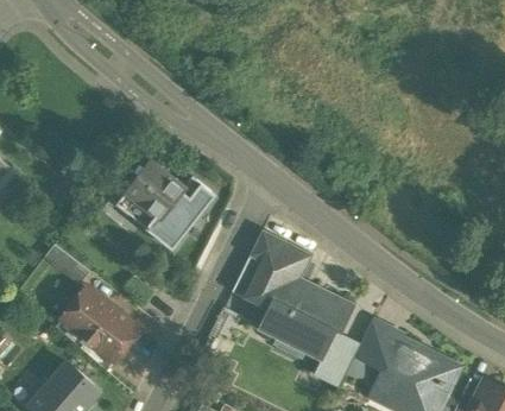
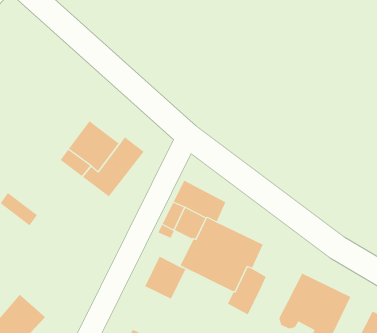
building: [62,289,138,360] -> none
building: none -> [144,256,186,299]
building: [353,320,402,372] -> none

